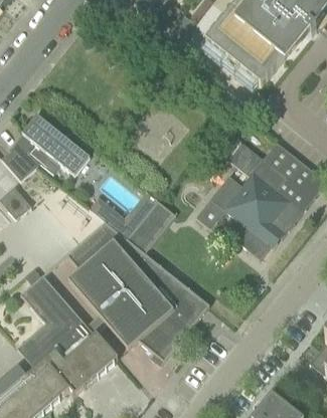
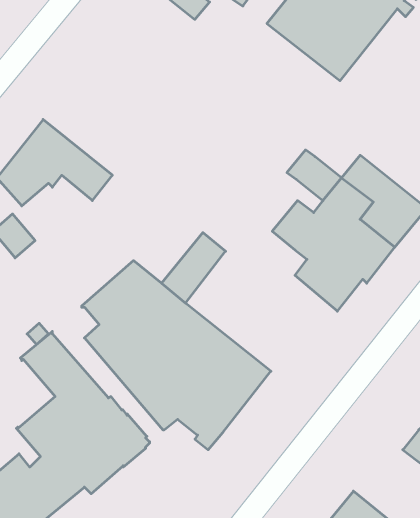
building: [196,198,227,229] -> none

